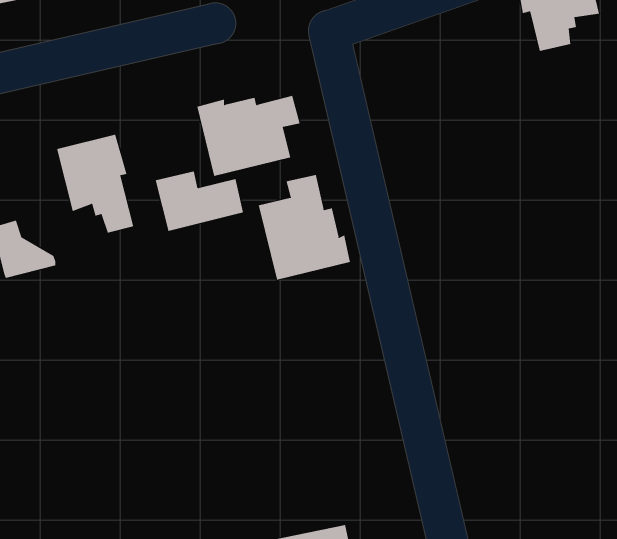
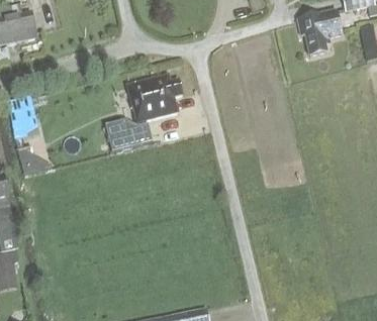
building: [56,134,134,234] -> none
building: [258,174,351,281] -> none

